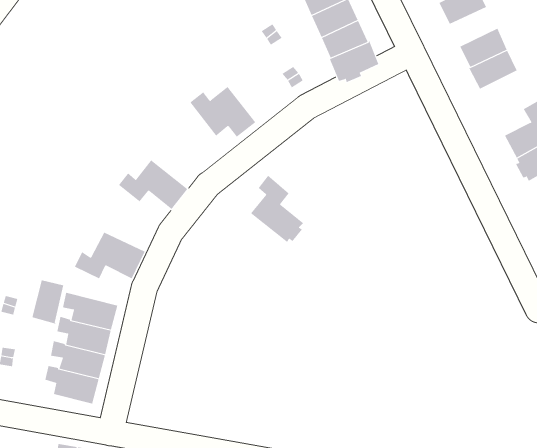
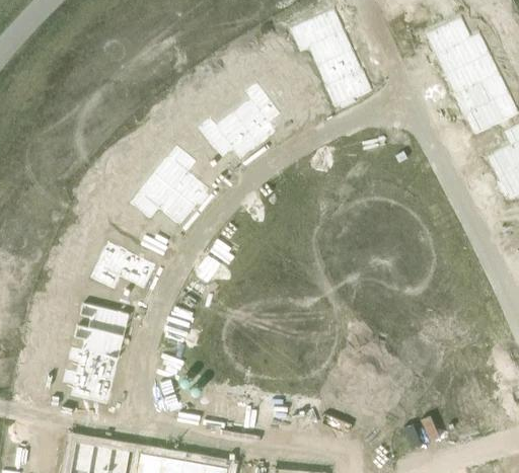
building: none -> [437,38,481,75]
building: none -> [232,81,281,145]
building: none -> [465,97,510,135]
building: [250,175,304,243] -> [161,144,211,207]
building: [31,279,64,324] -> none

